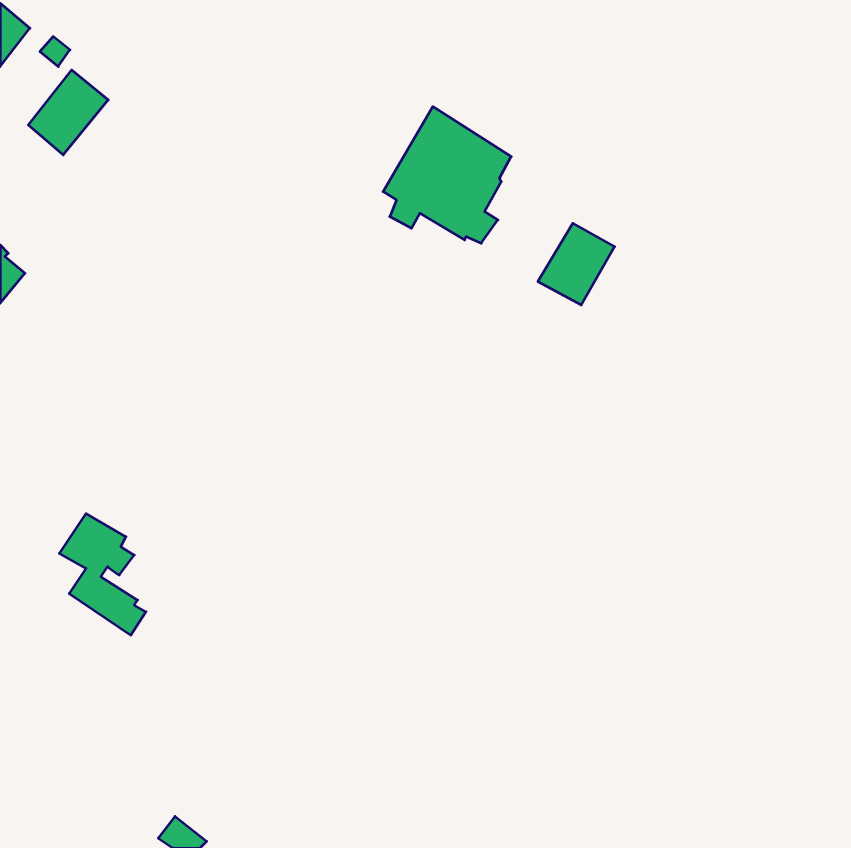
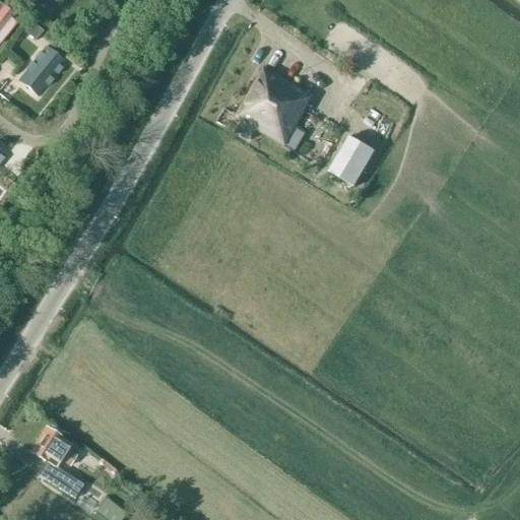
building: [59,514,146,635] -> [30,425,83,499]

